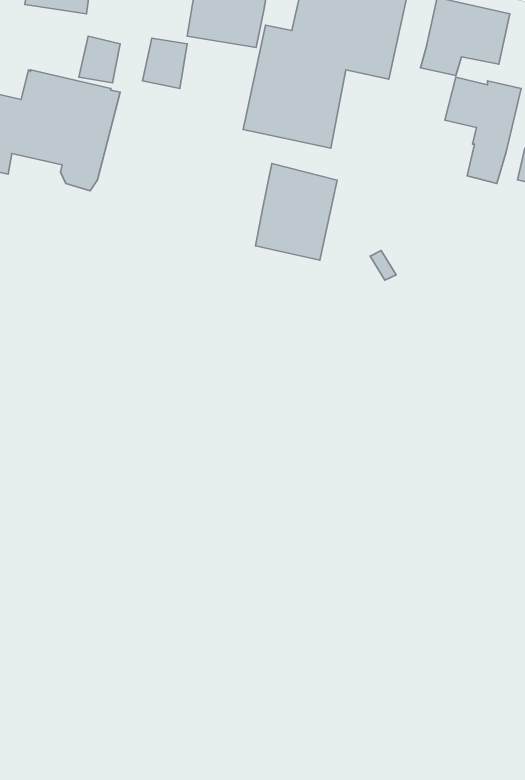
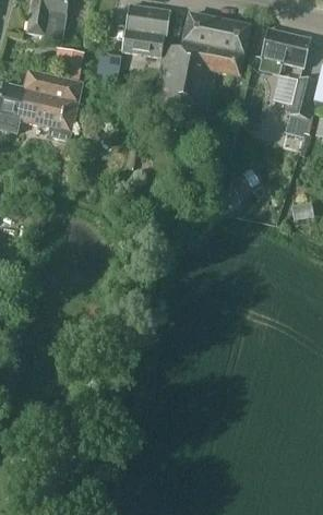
building: [256,164,337,260] -> none

